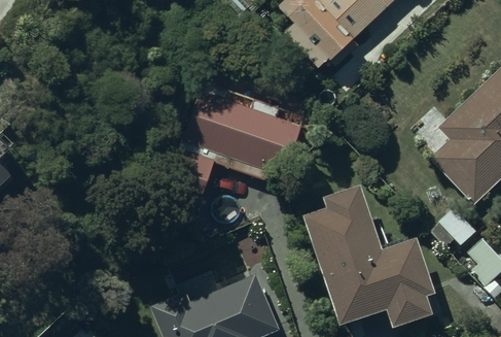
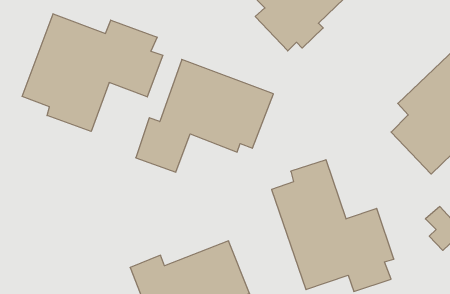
building: none -> [22,14,163,131]

